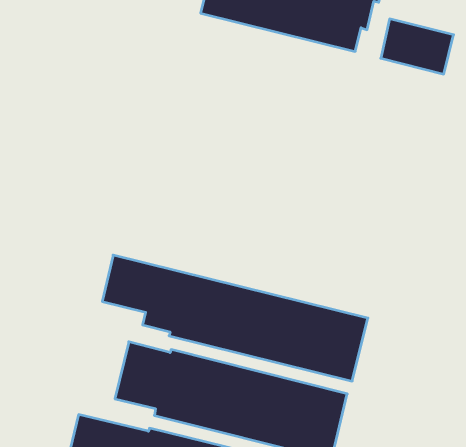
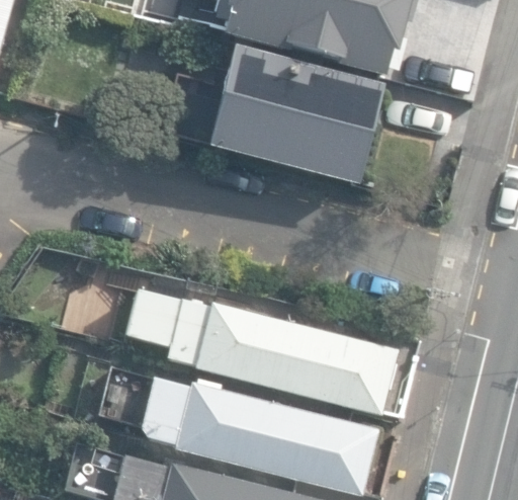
building: none -> [203,52,385,186]

